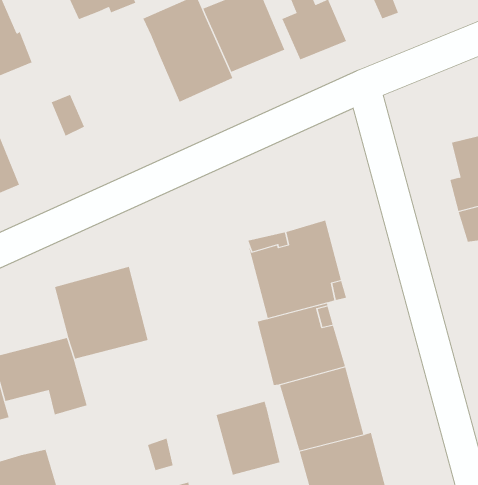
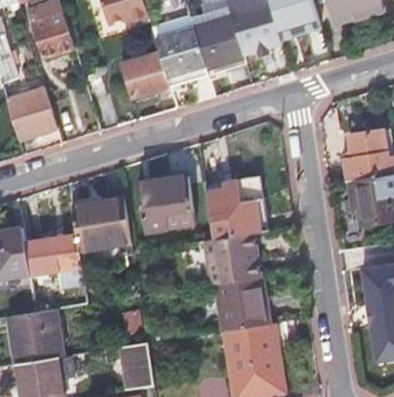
building: none -> [121,53,169,98]
building: none -> [137,176,194,231]
building: [216,401,280,476] -> none

